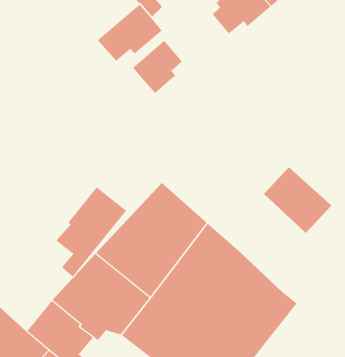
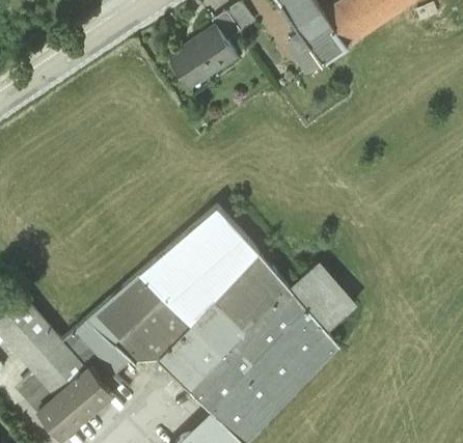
building: [132,40,182,94] -> none
building: [263,166,332,234] -> [289,265,357,335]
building: [55,186,127,277] -> none

